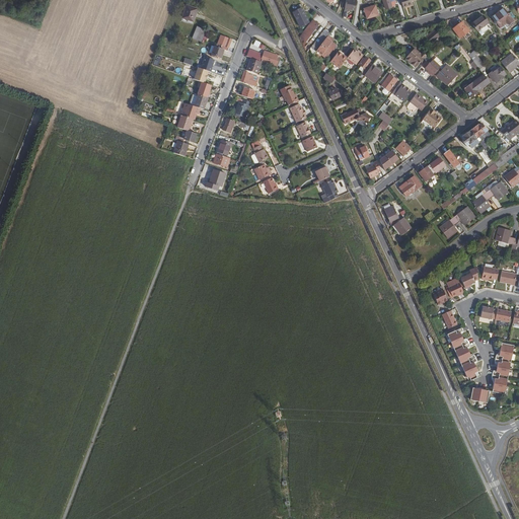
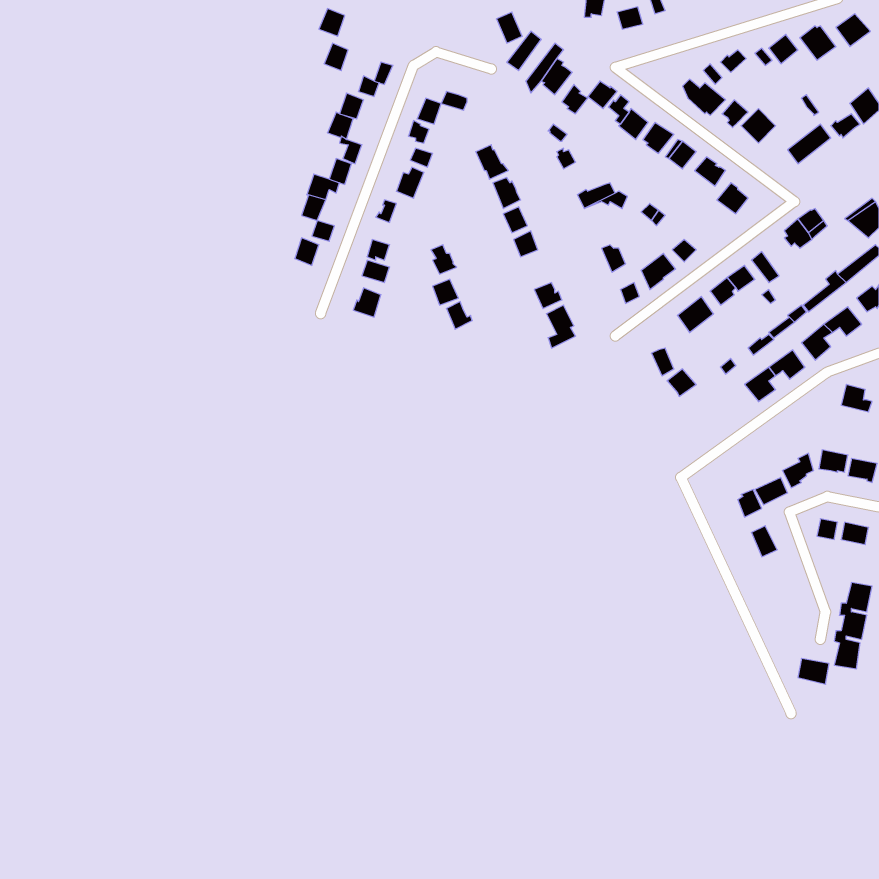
building: [447,326,476,379] -> none

